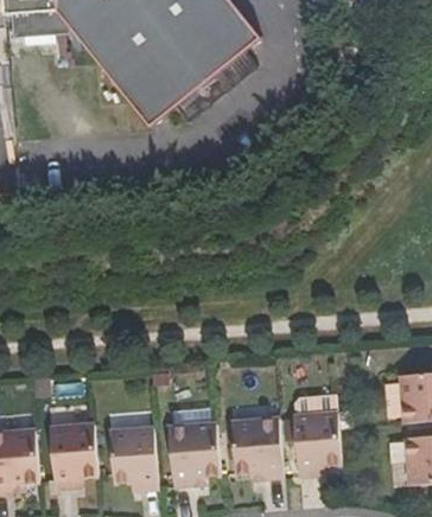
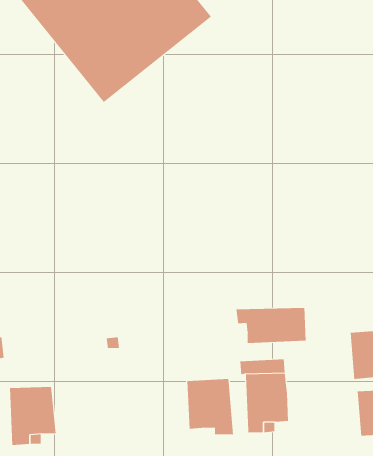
building: none -> [236,307,306,344]
building: [170,416,220,477] -> none
building: [110,421,157,481] -> none

